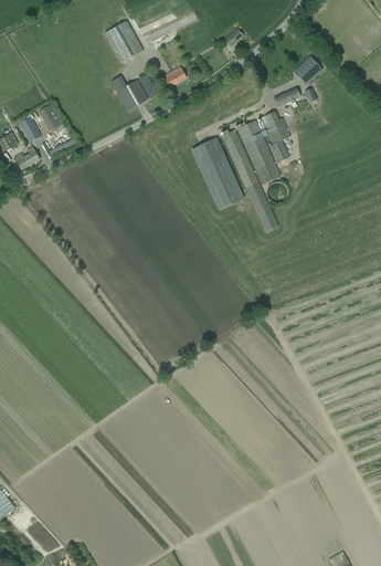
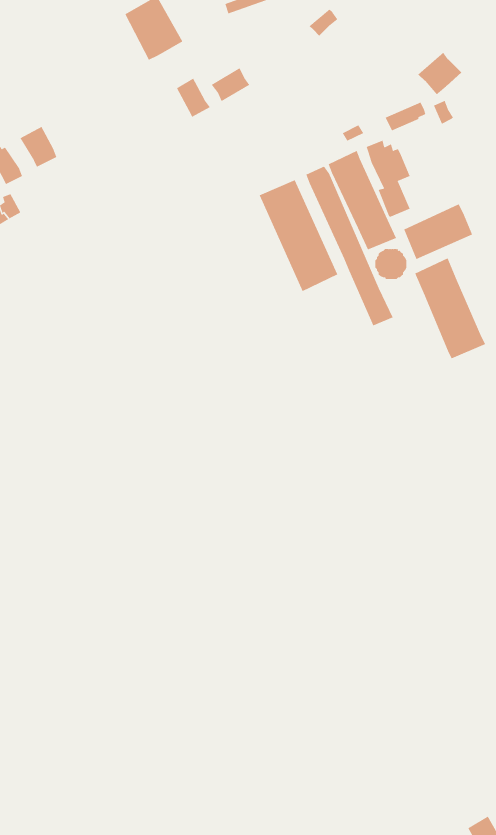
building: [112,76,147,111] -> none
building: none -> [404,203,473,260]
building: none -> [415,258,486,359]

